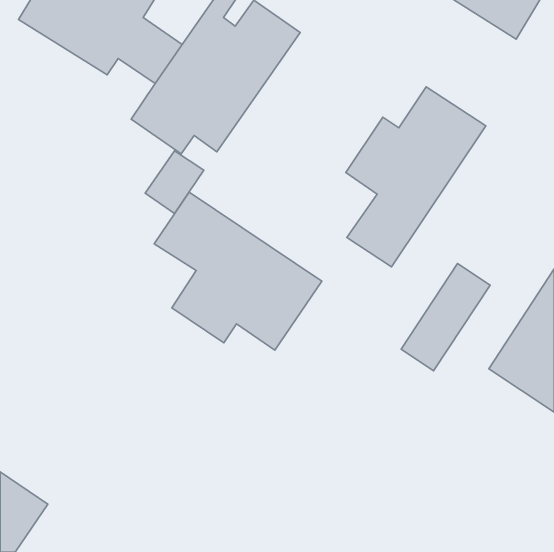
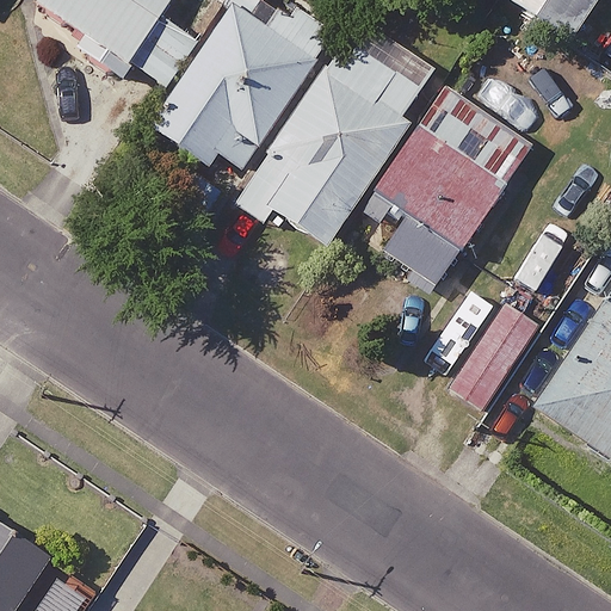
building: none -> [246,21,437,242]
building: [154,192,322,350] -> none

